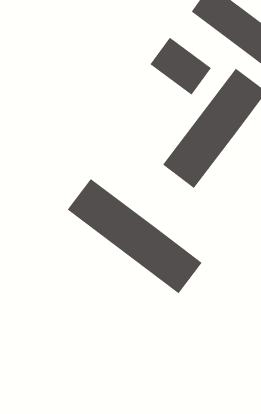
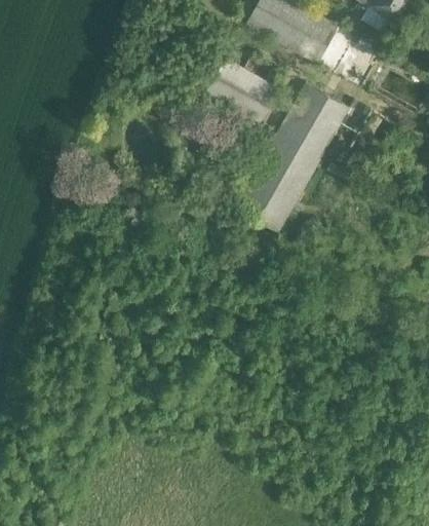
building: [67,178,202,294] -> none

